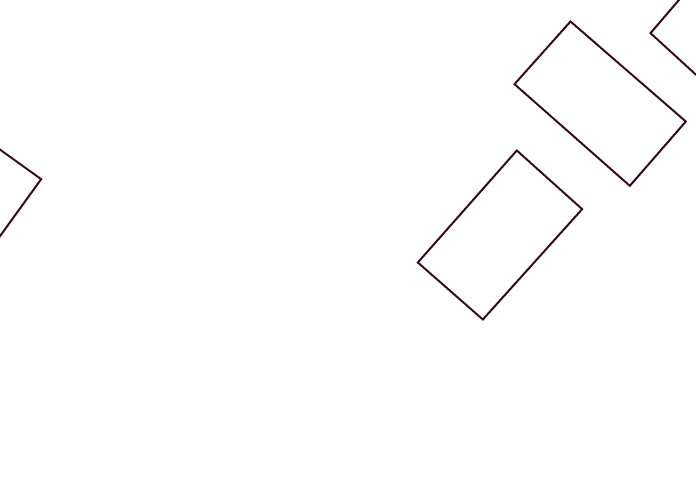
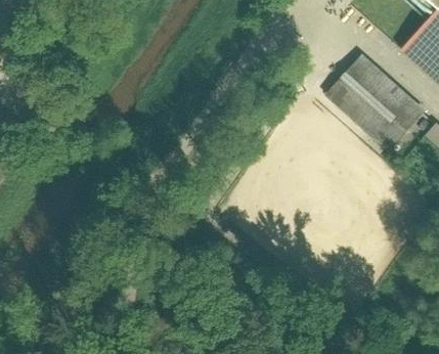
building: [418,150,582,320] -> none

